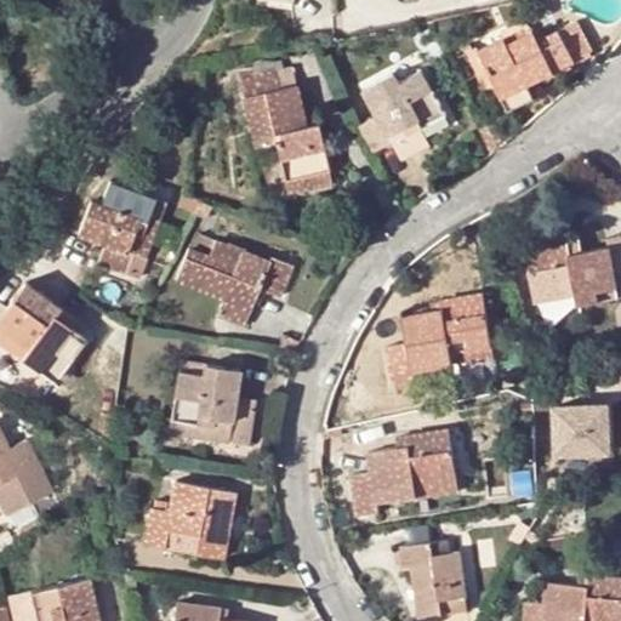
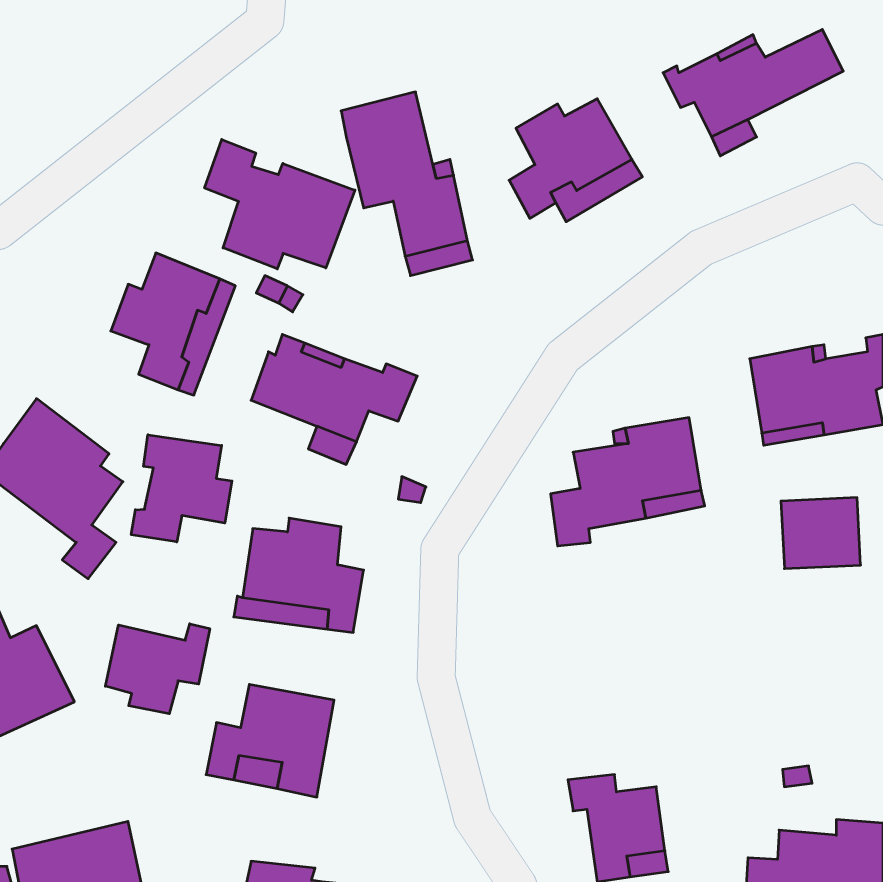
building: none -> [205,139,355,269]
building: none -> [131,435,232,542]
building: [554,406,610,456] -> [781,498,861,569]
building: [352,431,460,518] -> none
building: none -> [105,624,210,714]

